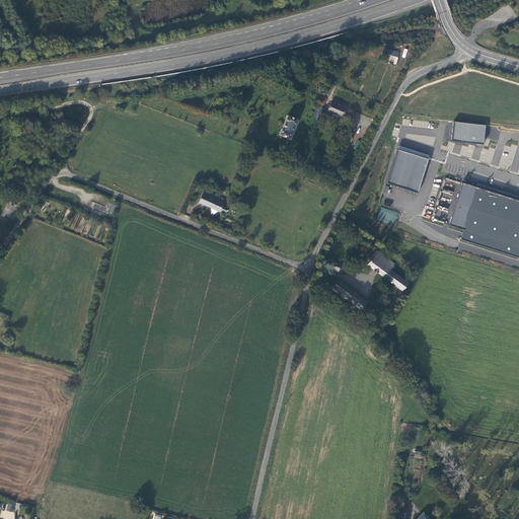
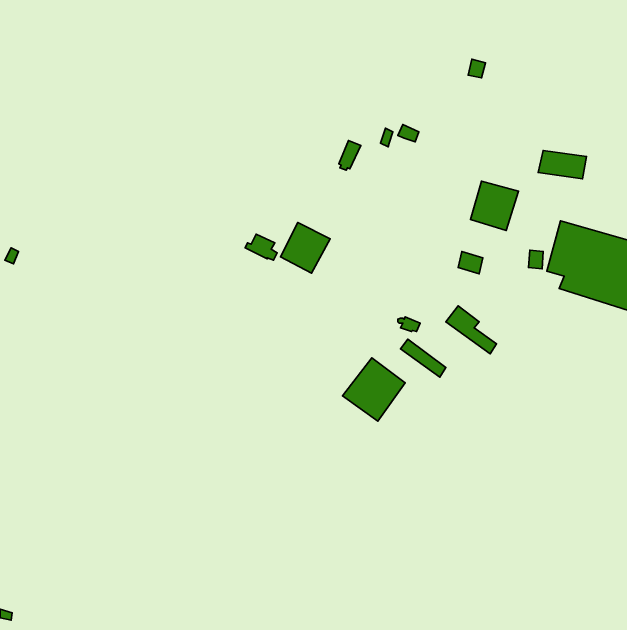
building: none -> [281,223,330,273]
building: none -> [342,358,405,421]

